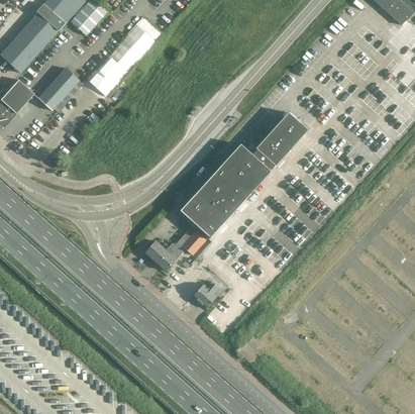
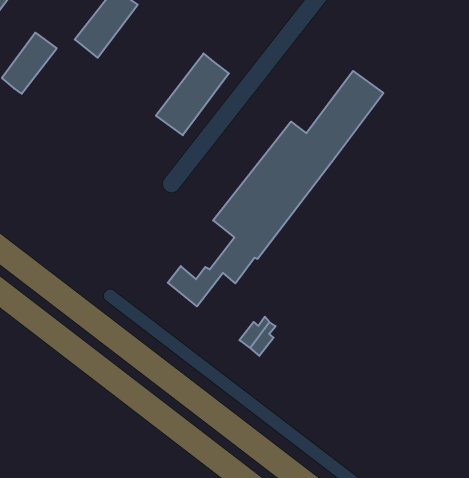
building: none -> [156,53,229,135]

